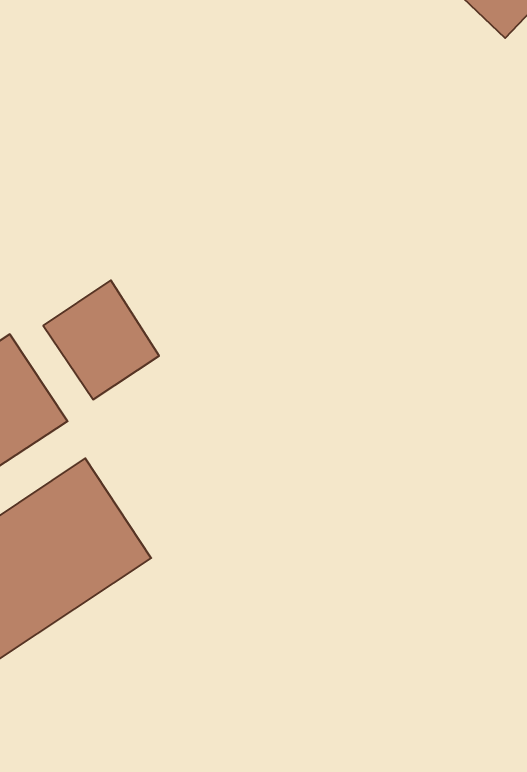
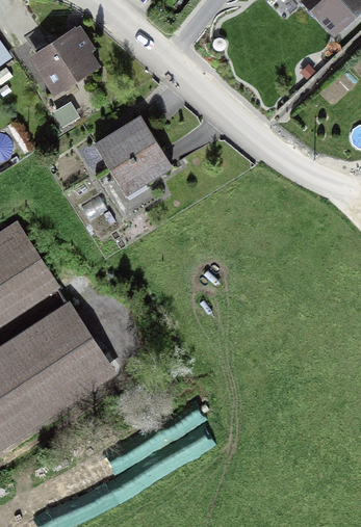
building: none -> [38,29,101,87]
building: [43,280,159,399] -> [92,112,166,189]

